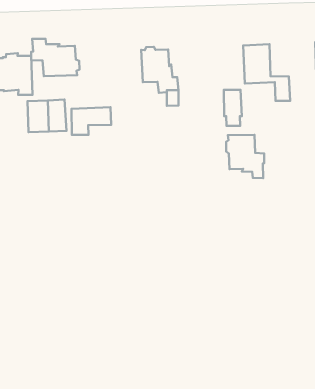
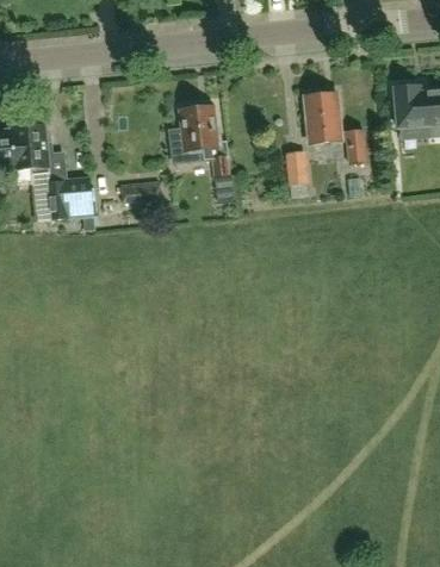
building: [31,39,79,76] -> none
building: [226,135,264,178] -> none

